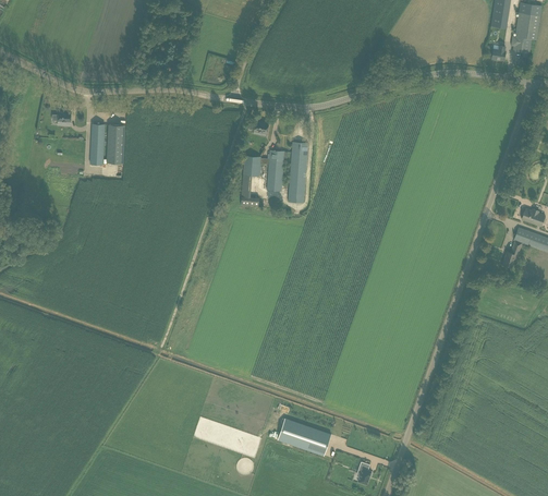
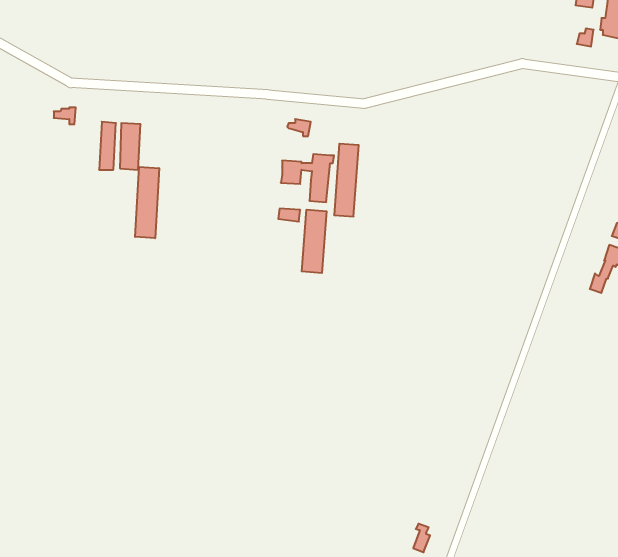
building: none -> [135,167,159,238]
building: none -> [302,210,327,273]
building: [278,418,331,455] -> none

